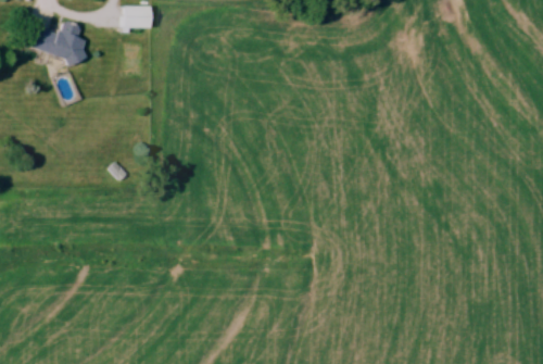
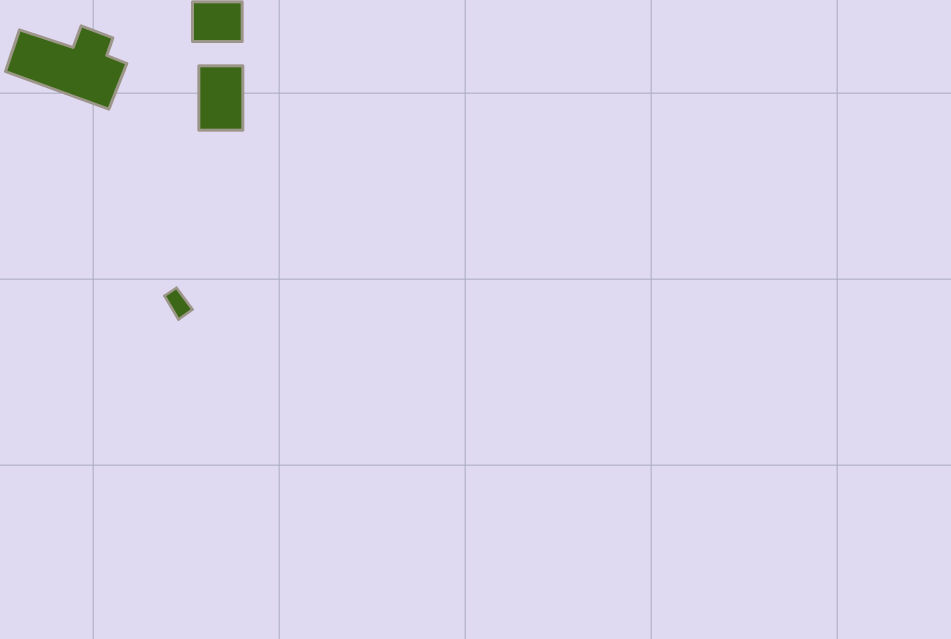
building: none -> [199,66,243,130]

